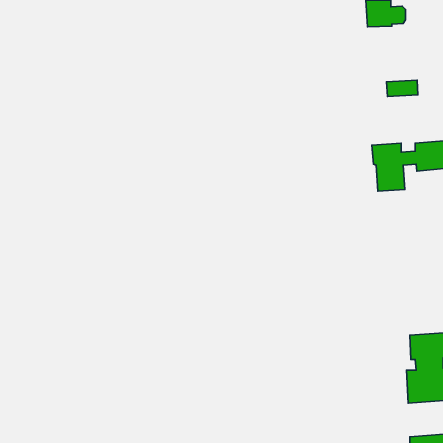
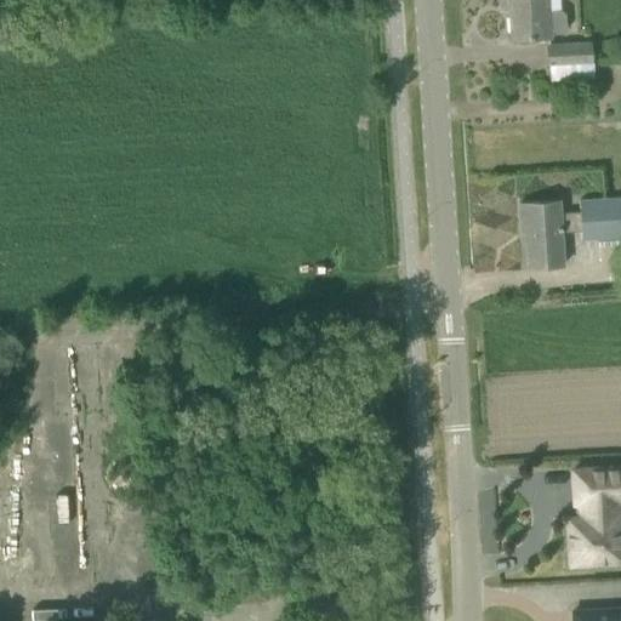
building: [387,80,418,97] -> [551,42,594,65]

